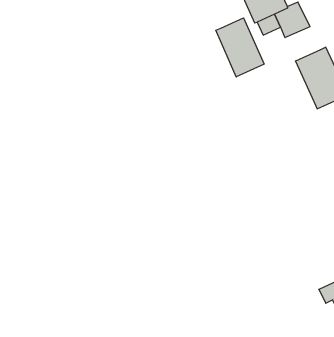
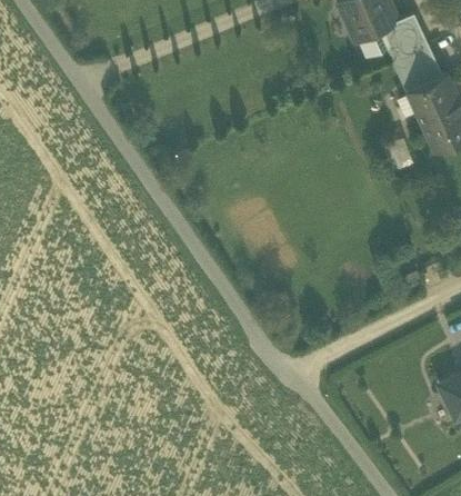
building: [216,18,264,77] -> none
building: none -> [394,47,440,91]

